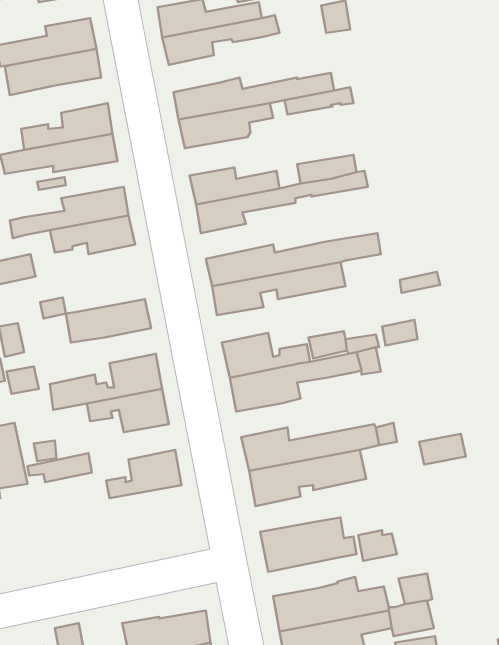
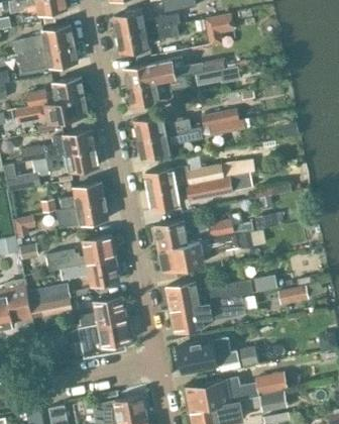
building: none -> [62,183,105,209]
building: none -> [78,318,132,358]

